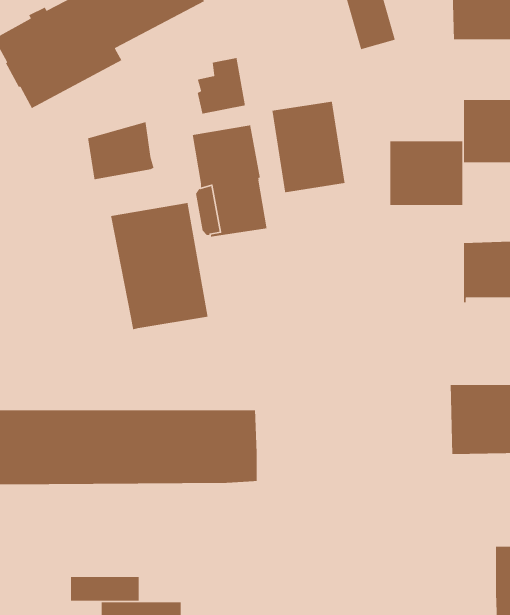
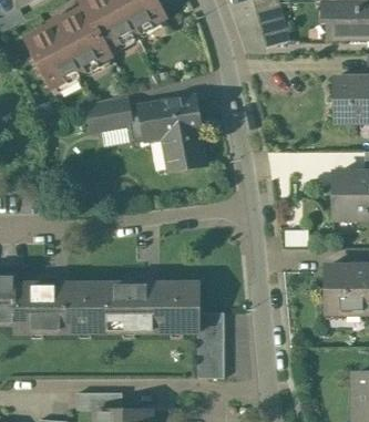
building: [197,57,246,114] -> [130,102,162,140]
building: [271,101,345,193] -> none
building: [389,141,463,206] -> none
building: [110,202,209,330] -> none
building: none -> [197,311,225,377]

